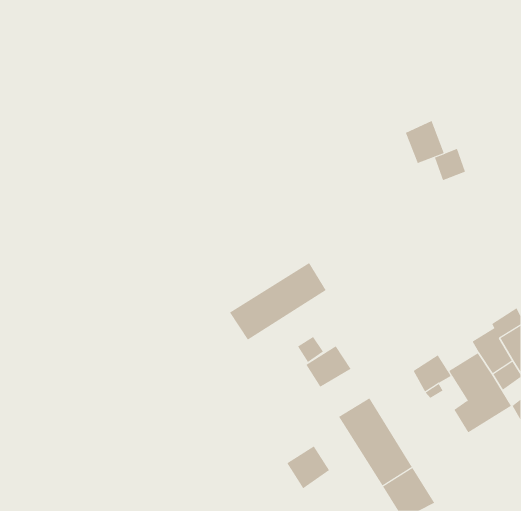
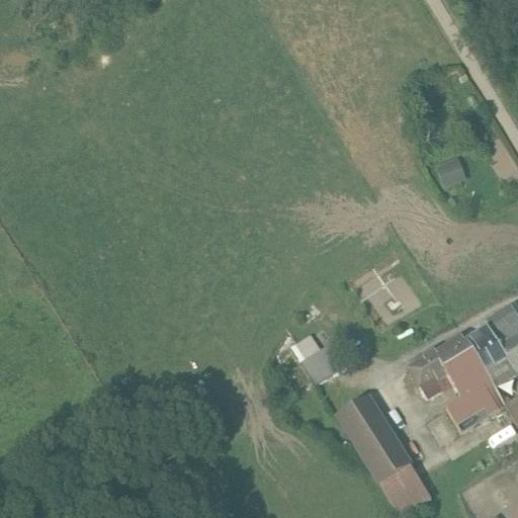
building: [405,120,444,164] -> none
building: [229,262,327,341] -> none
building: none -> [434,333,473,367]
building: [287,445,330,489] -> none

